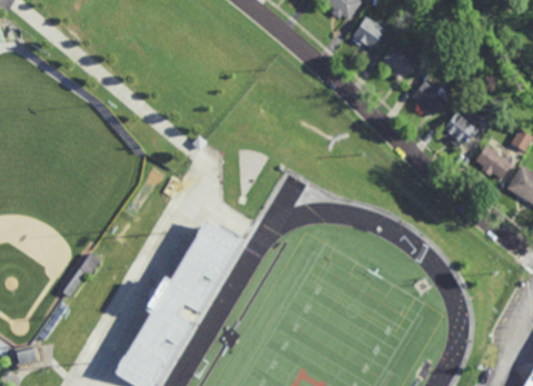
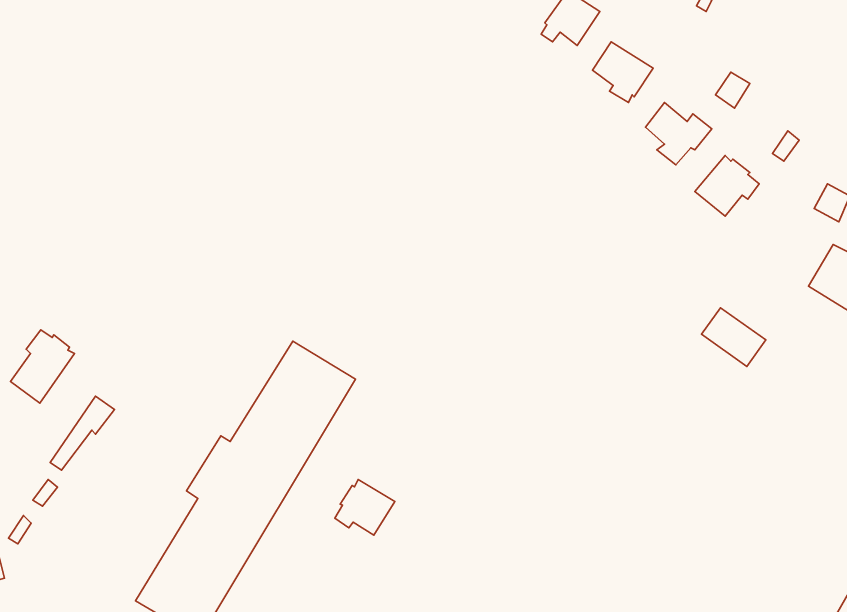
building: [477,145,515,179] -> [701,308,766,366]
building: none -> [11,330,74,403]
building: none -> [335,479,395,535]

